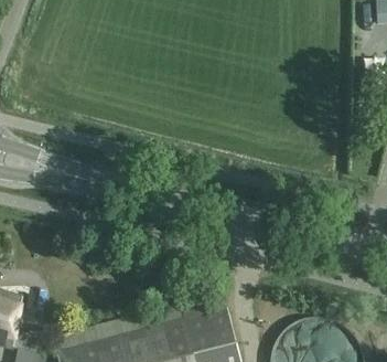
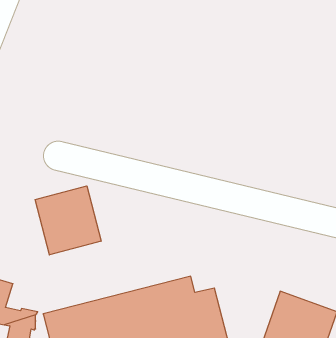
building: none -> [35,186,101,255]

